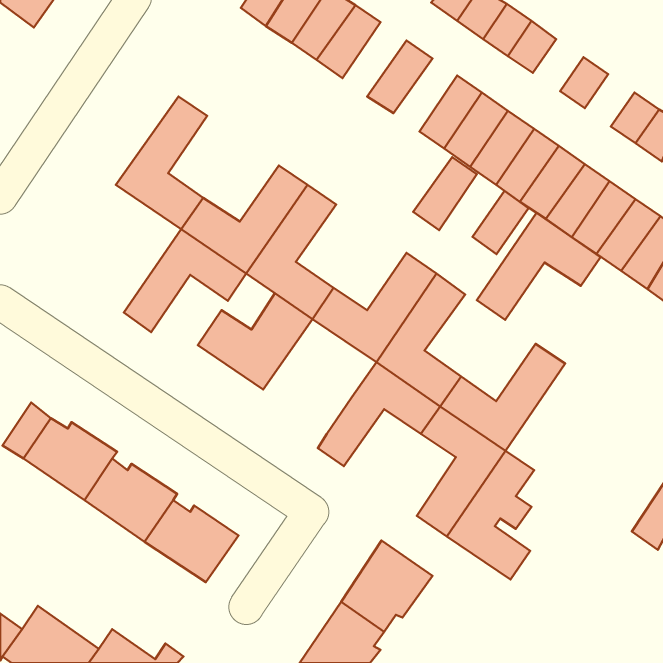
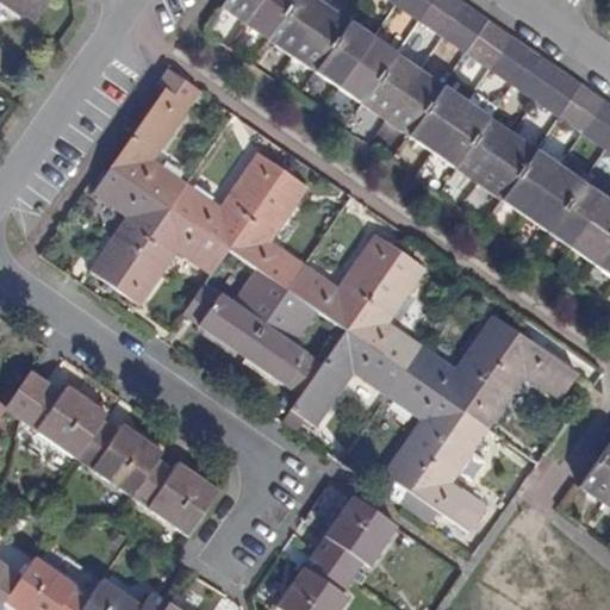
building: none -> [316,20,374,88]
building: none -> [490,36,536,83]
building: none -> [537,68,583,116]
building: [413,157,477,230] -> [362,54,421,120]
building: none -> [89,169,168,286]
building: [472,191,528,254] -> none
building: [477,213,600,320] -> [465,332,578,430]
building: none -> [243,292,324,397]

